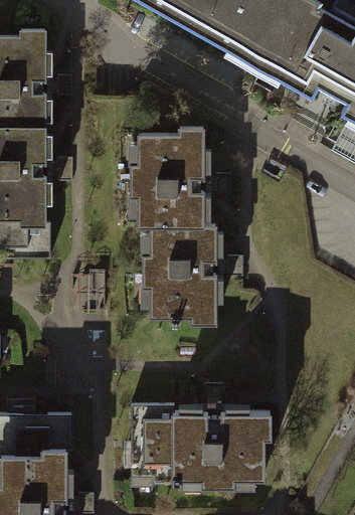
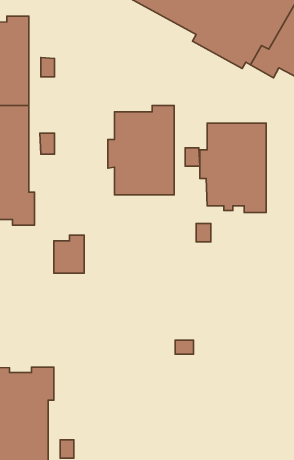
building: [144,224,216,322] -> [200,123,266,212]
building: [131,403,271,484] -> none

